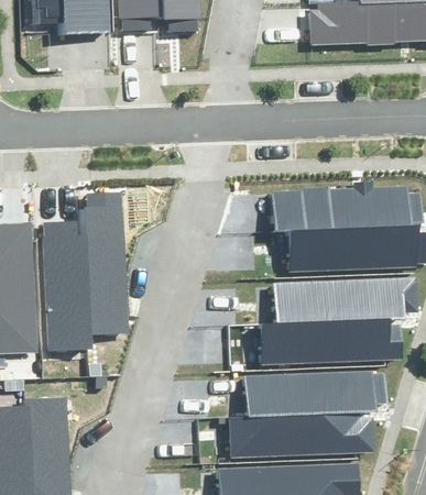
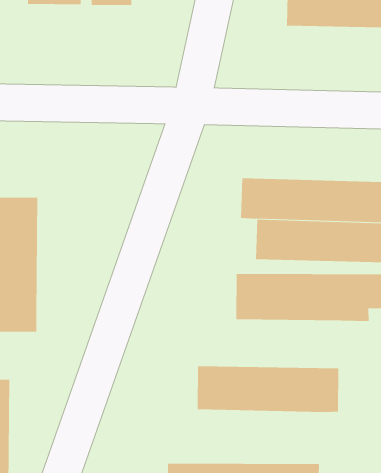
building: [80,190,125,331] -> none
building: [262,320,405,362] -> none
building: [228,409,368,455] -> none

